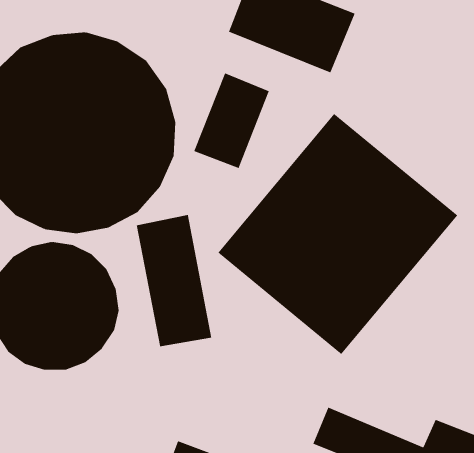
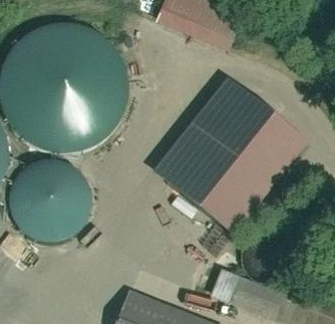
building: [193,72,270,169] -> none
building: [136,214,212,347] -> none

